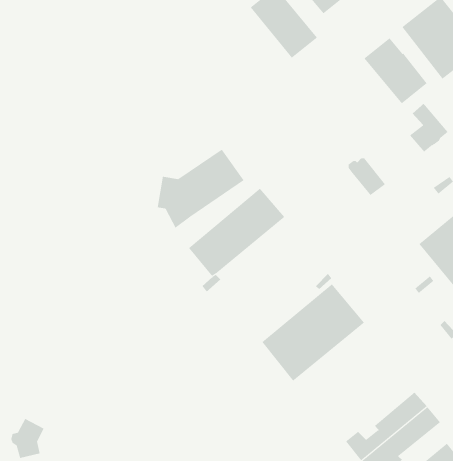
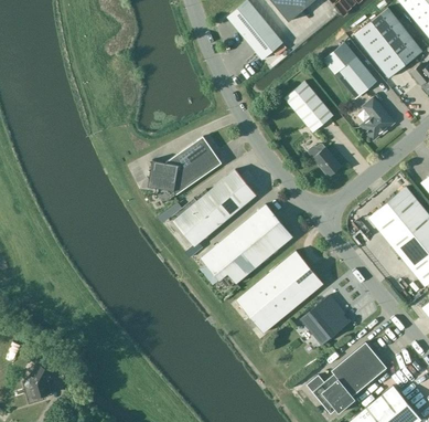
building: none -> [285,81,333,133]
building: none -> [201,204,292,288]
building: none -> [301,296,350,345]

